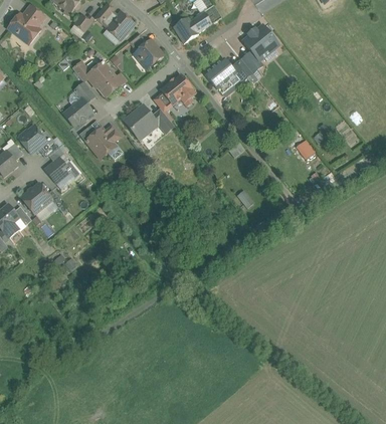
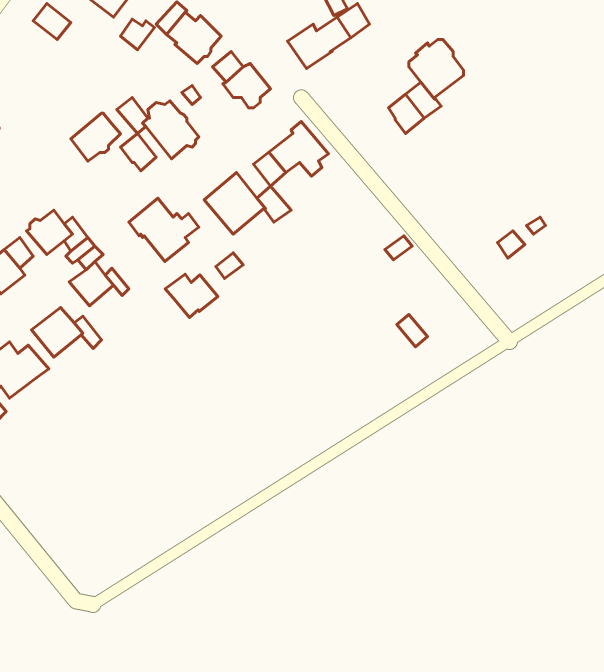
building: [9,13,39,42] -> none
building: [205,57,236,93] -> none
building: [63,98,92,127] -> [71,113,120,161]
building: none -> [165,274,218,317]

